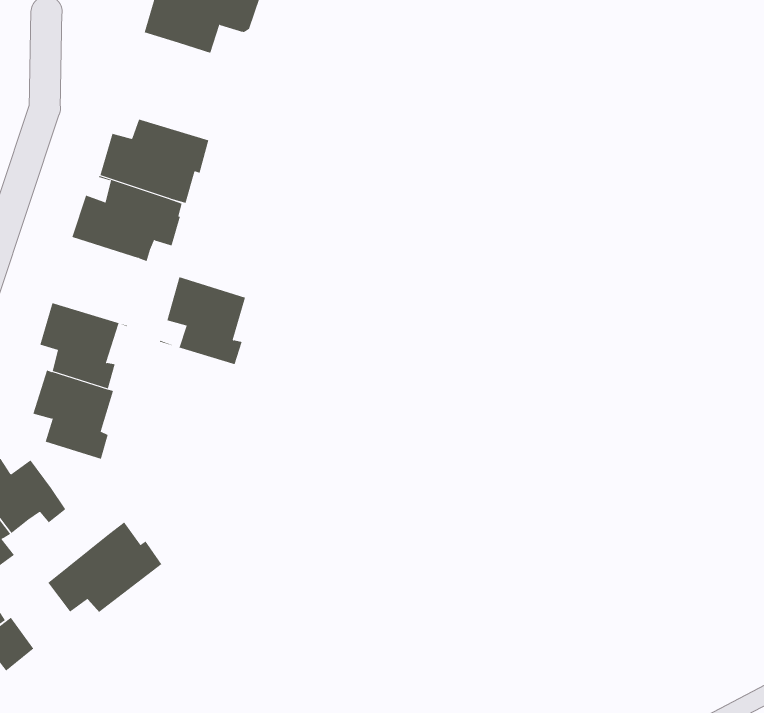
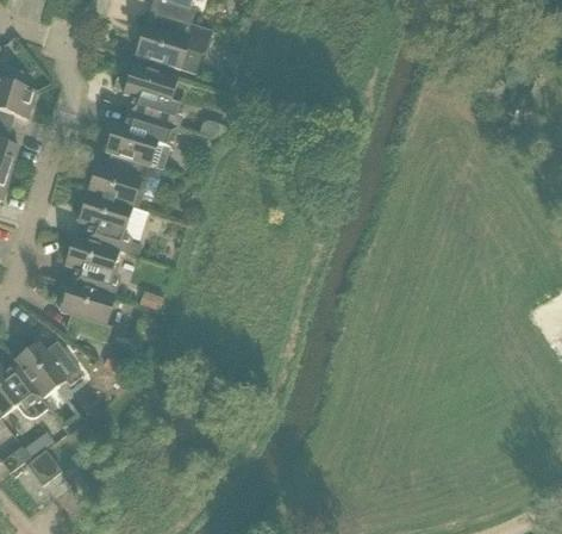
building: none -> [123,63,186,126]
building: [159,276,246,365] -> [73,192,131,252]
building: [48,522,162,613] -> none

